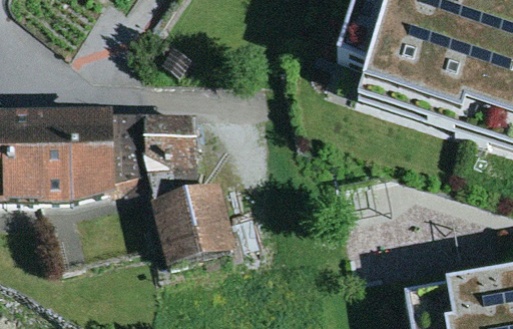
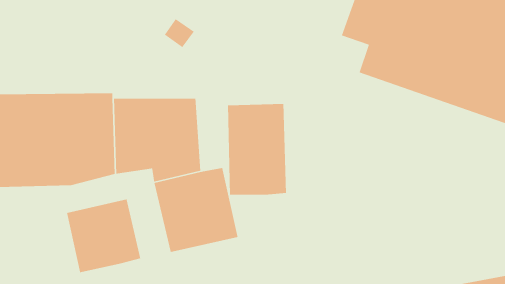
building: none -> [227,103,287,195]
building: none -> [66,199,141,273]

